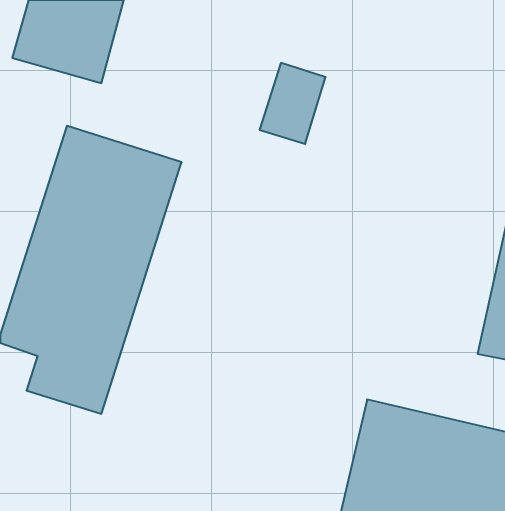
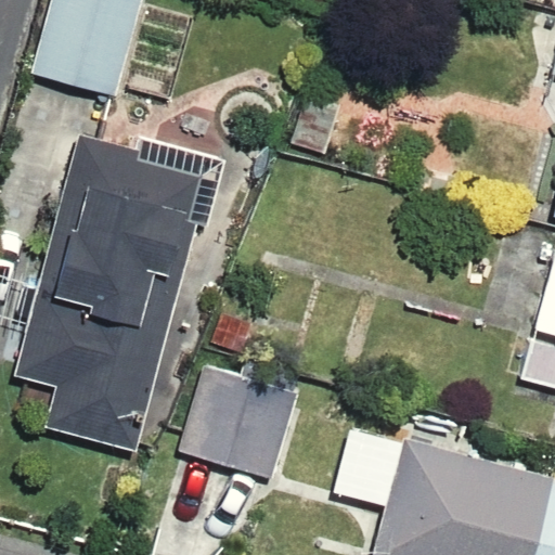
building: none -> [178,358,271,473]

